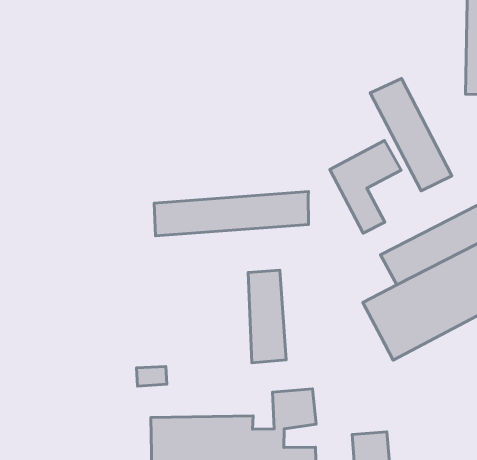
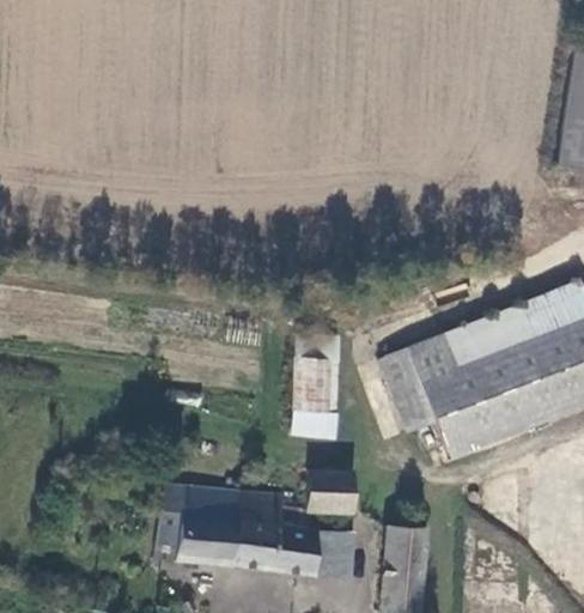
building: [370,78,452,191] -> none
building: [330,141,401,233] -> [382,333,460,432]
building: [154,191,309,236] -> none

